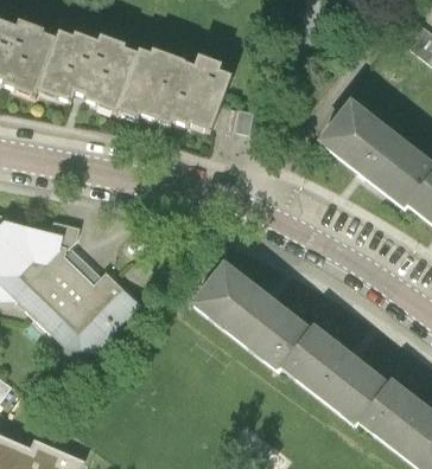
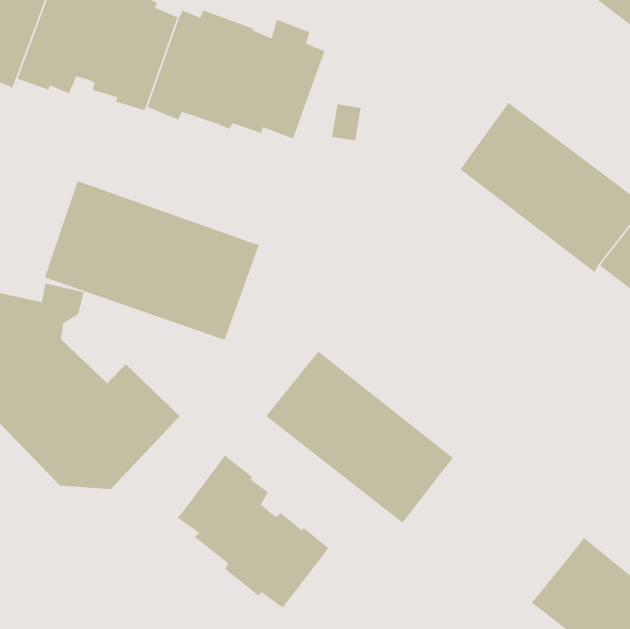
building: none -> [44,180,260,341]
building: [284,325,390,425] -> none
building: none -> [177,454,329,609]

